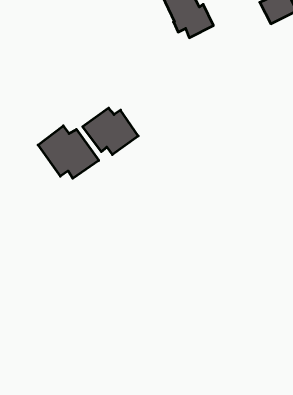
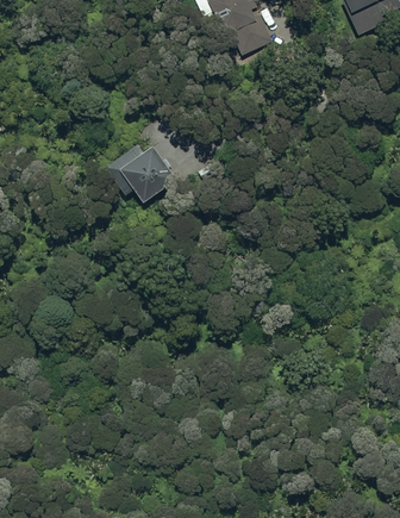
building: [38,126,99,178] -> none

